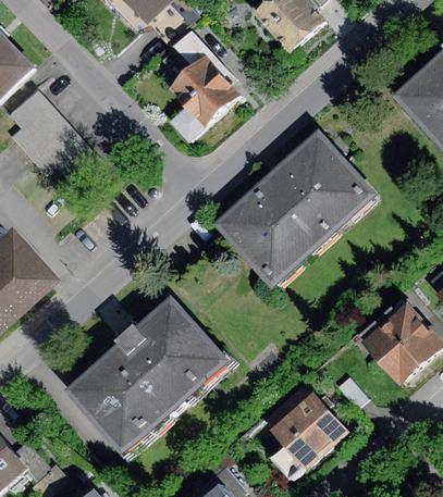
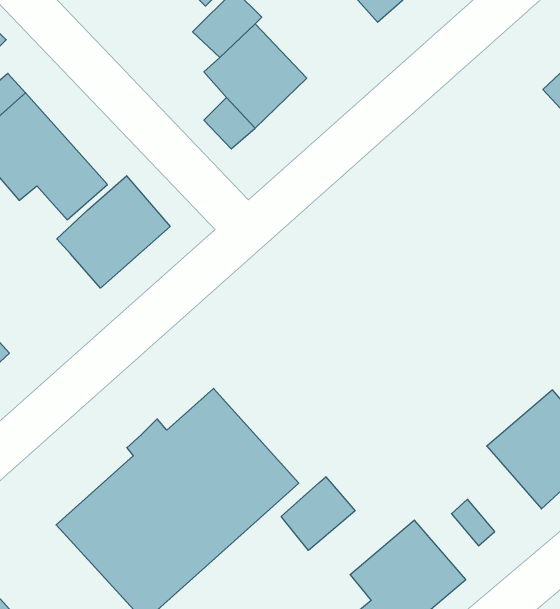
building: [221,135,382,290] -> none
building: none -> [57,176,170,288]
building: none -> [281,477,355,550]

